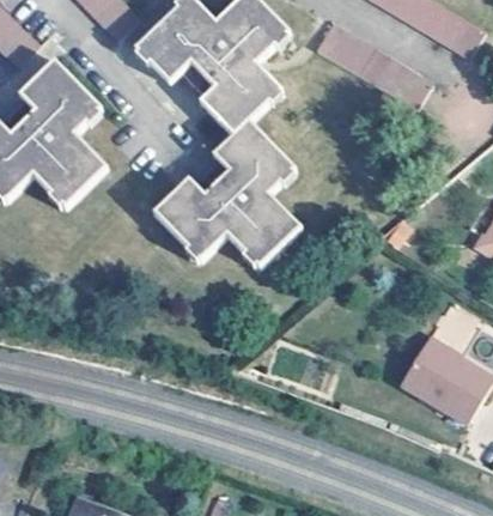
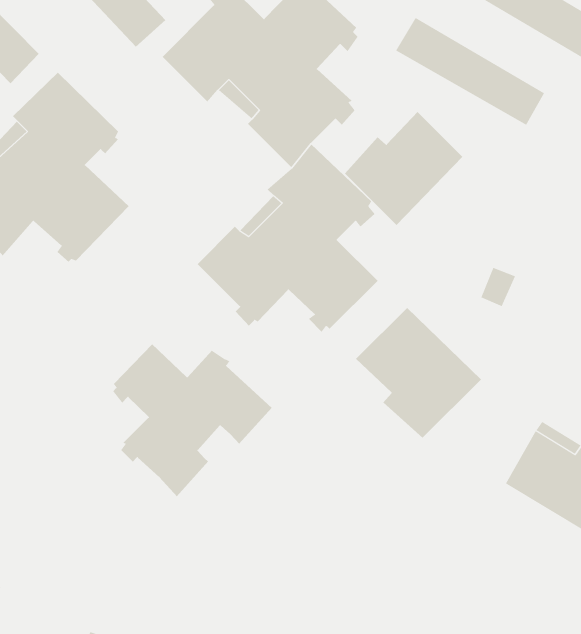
building: none -> [344,111,463,226]
building: none -> [355,307,482,439]
building: none -> [113,343,273,497]

